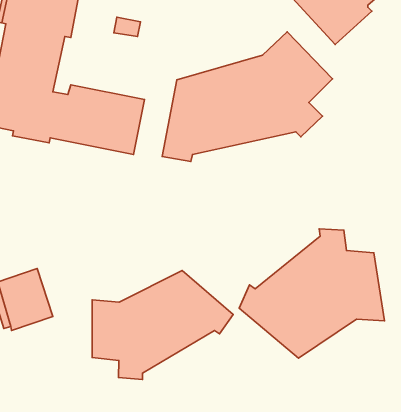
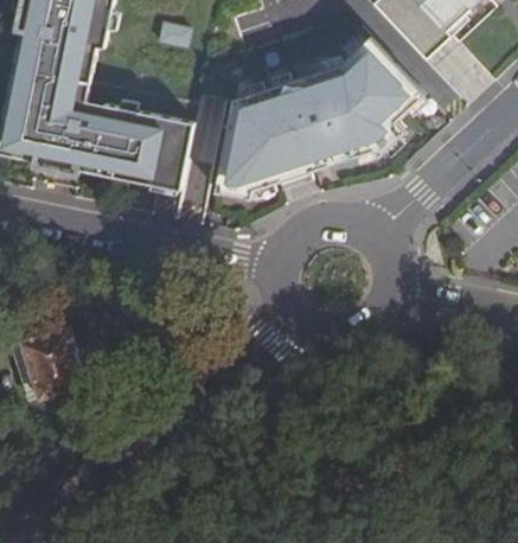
building: [239,229,385,358] -> none
building: [92,271,233,379] -> none

